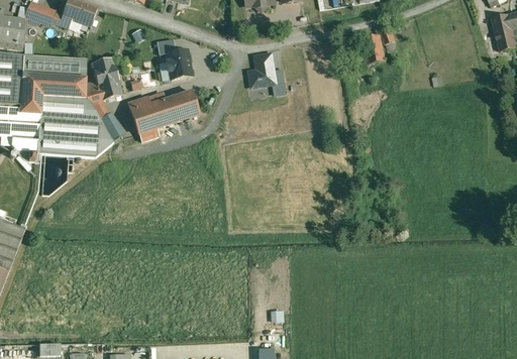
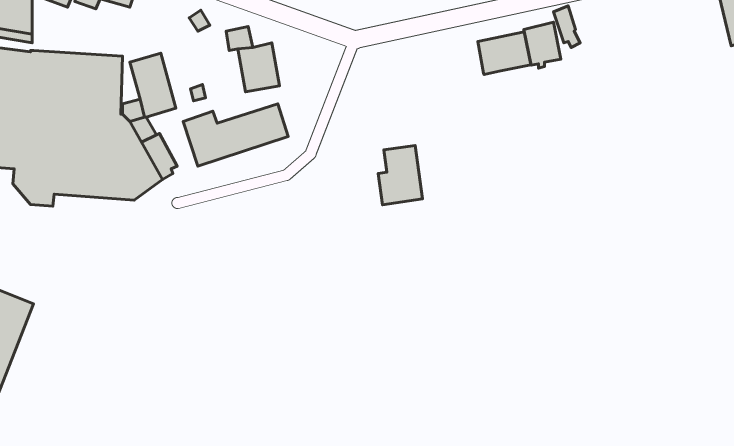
building: none -> [478,32,531,74]
building: [248,53,279,94] -> [378,145,423,205]

